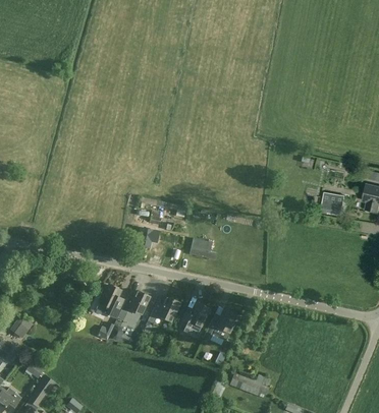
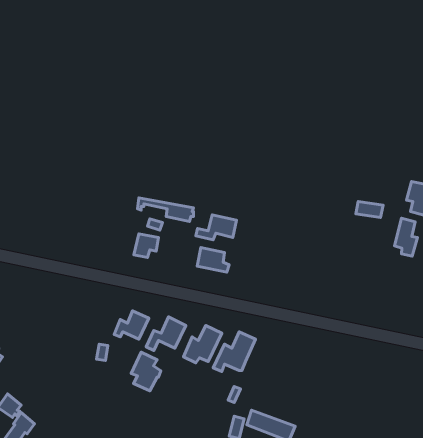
building: none -> [196,215,237,240]
building: none -> [395,218,418,256]
building: [100,284,124,315] -> [131,352,161,391]

